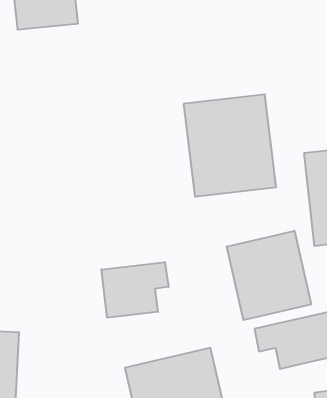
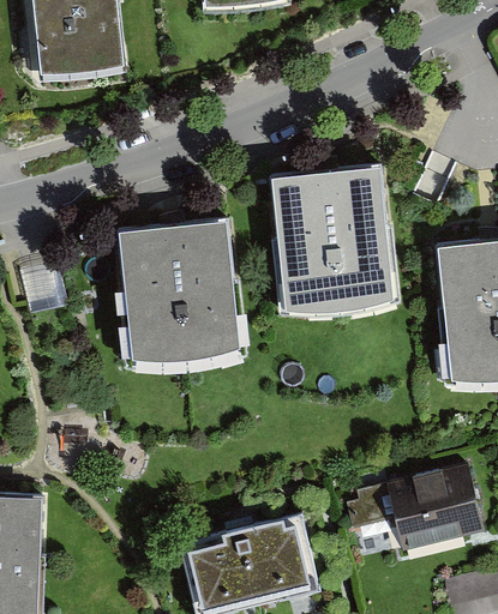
building: none -> [119,219,247,361]
building: [227,231,311,320] -> none
building: [101,262,169,318] -> none

